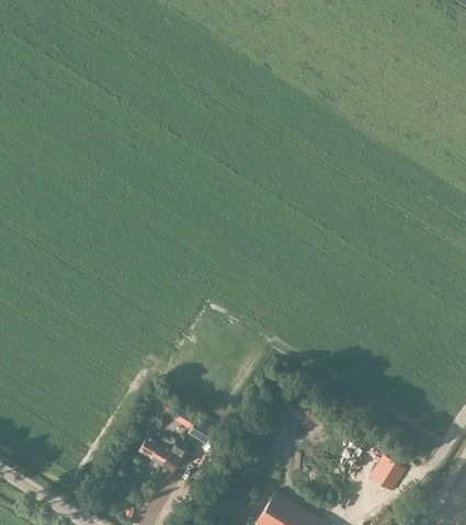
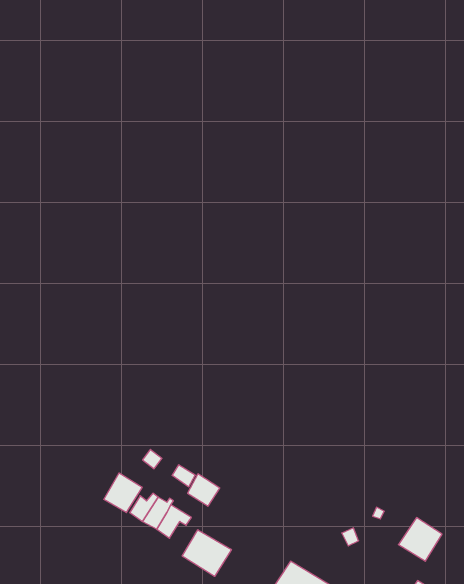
building: none -> [104,473,142,513]
building: none -> [182,530,231,576]

